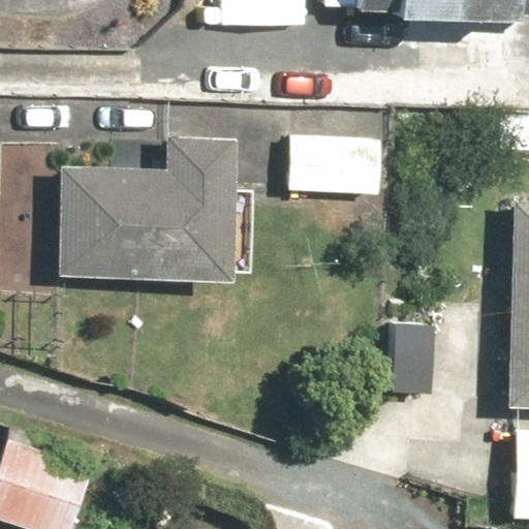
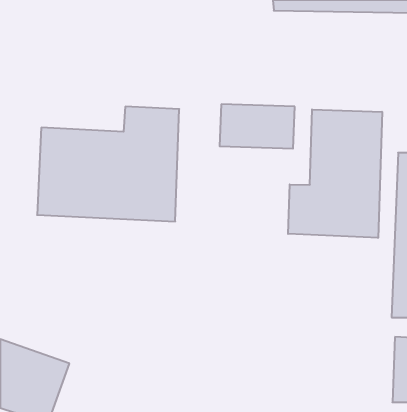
building: none -> [288,109,382,238]

